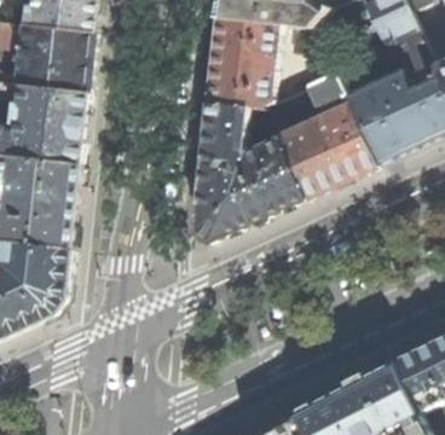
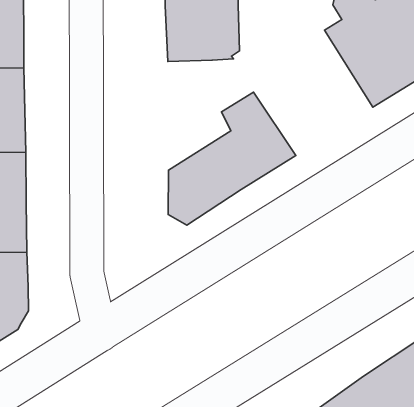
building: [261,73,375,196] -> none
building: [196,103,253,195] -> none

